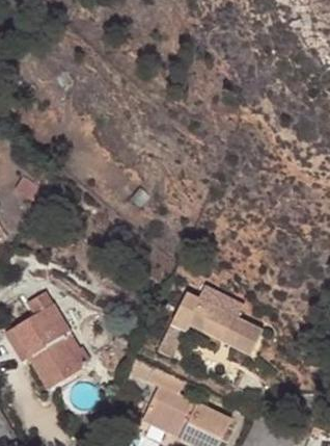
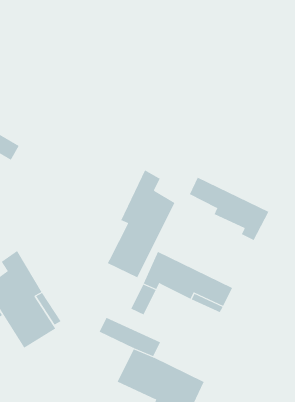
building: none -> [107,169,175,278]
building: none -> [189,177,269,241]

